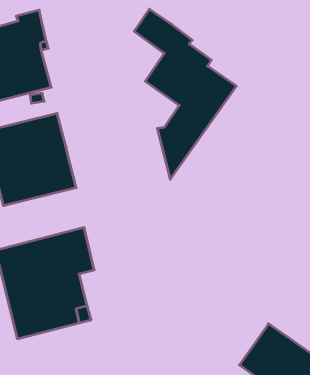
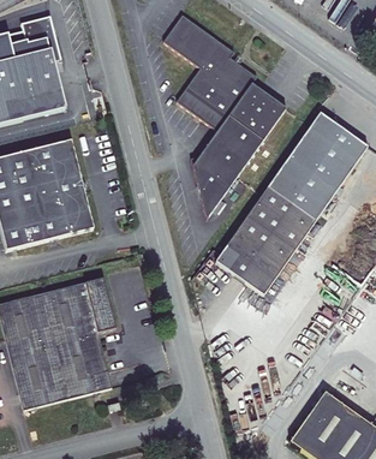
building: none -> [215,112,368,294]

